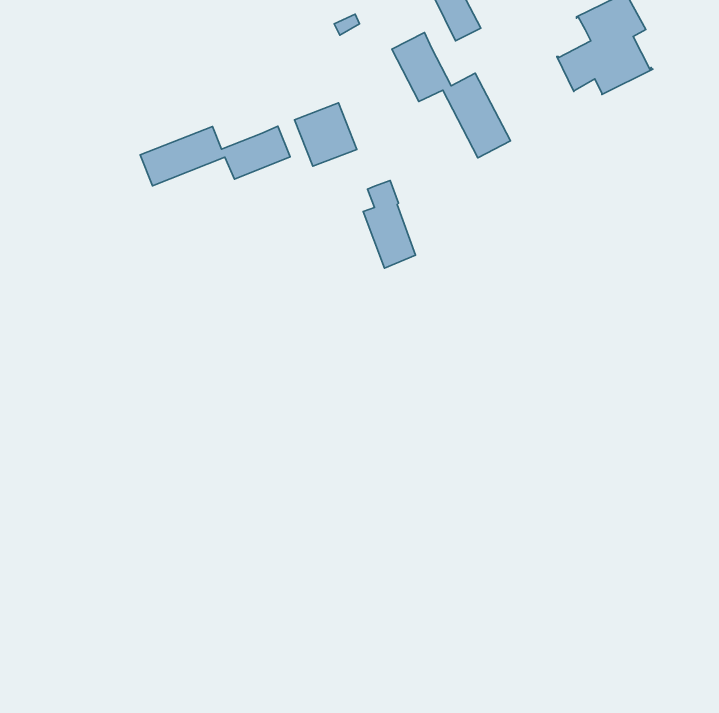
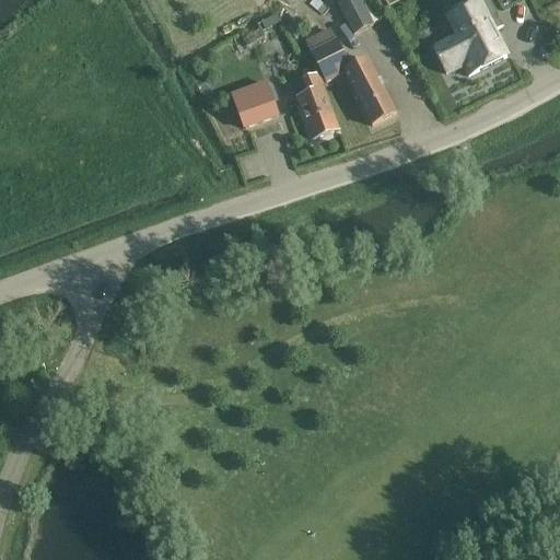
building: [140,126,290,186] -> none
building: [363,181,415,268] -> [296,69,337,137]

